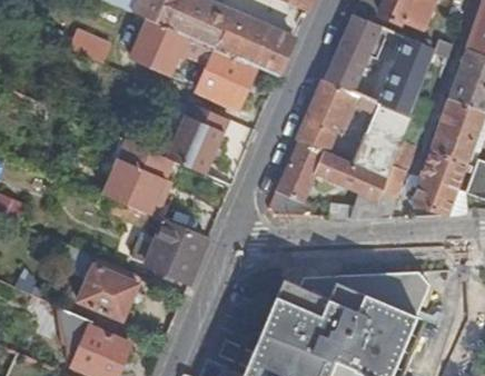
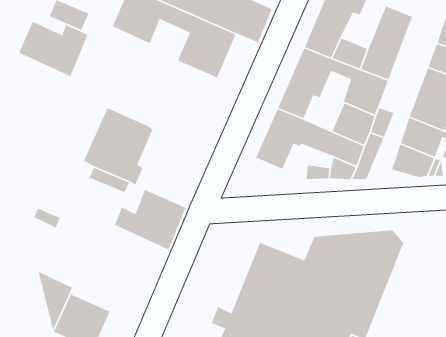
building: none -> [18,21,89,77]
building: [167,117,225,176] -> none
building: [79,267,138,321] -> none

